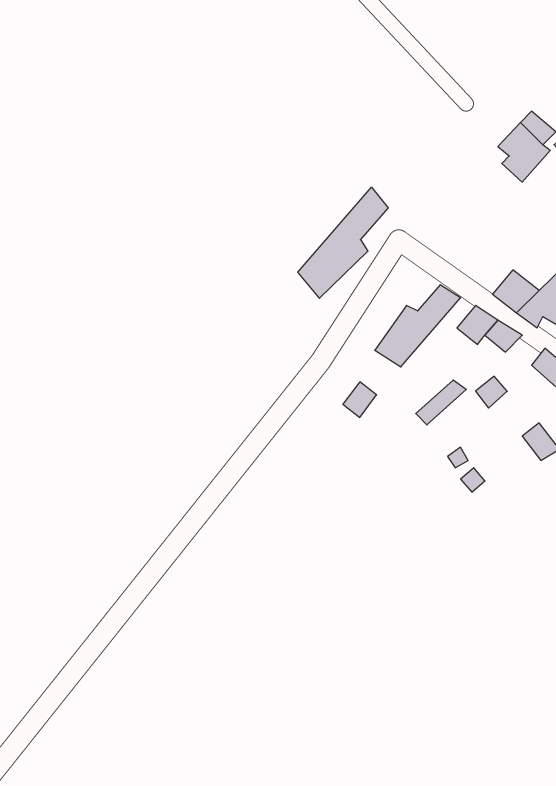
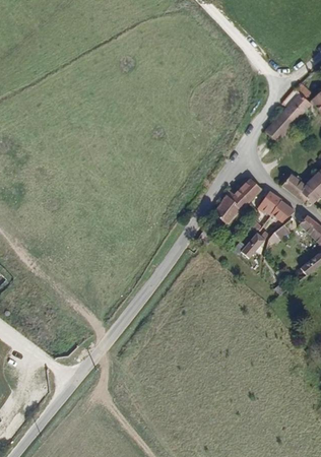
building: none -> [268,115,295,143]
building: [298,187,388,298] -> none

